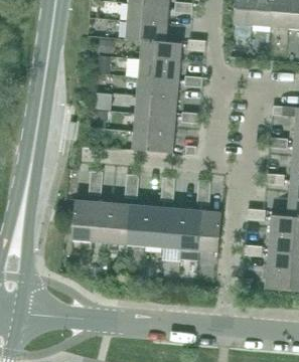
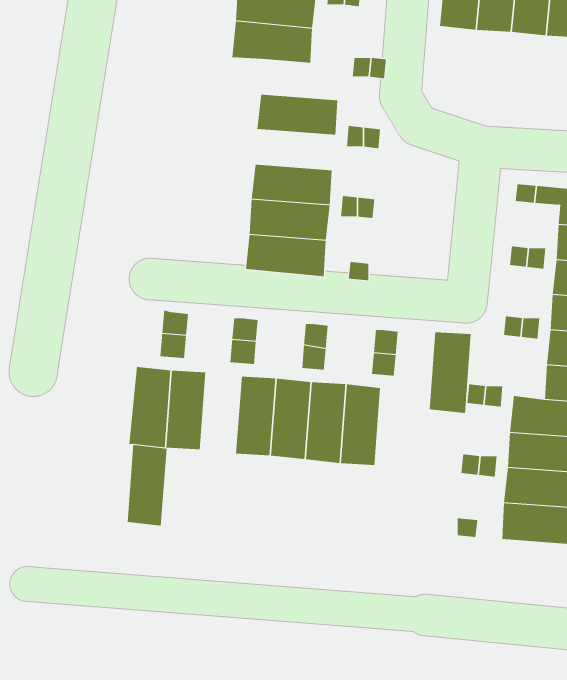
building: [140,40,182,61] -> none
building: [137,76,179,98] -> none
building: [109,202,130,244] -> [127,445,167,526]
building: [199,210,221,252] -> [429,332,472,413]

